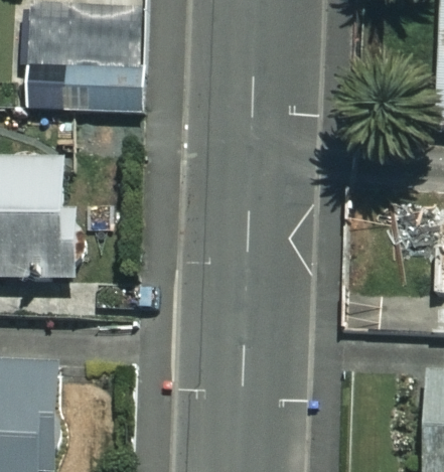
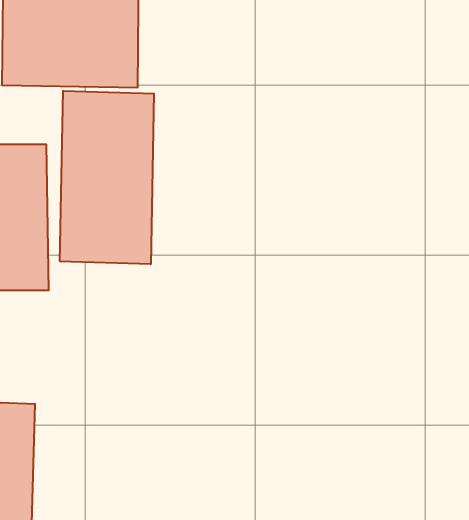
building: none -> [60,91,154,264]

